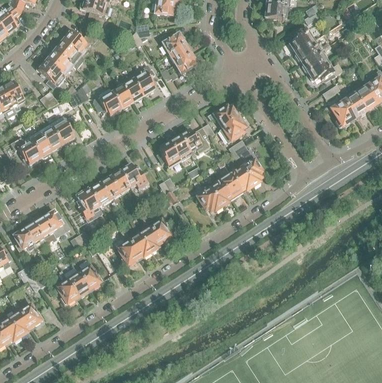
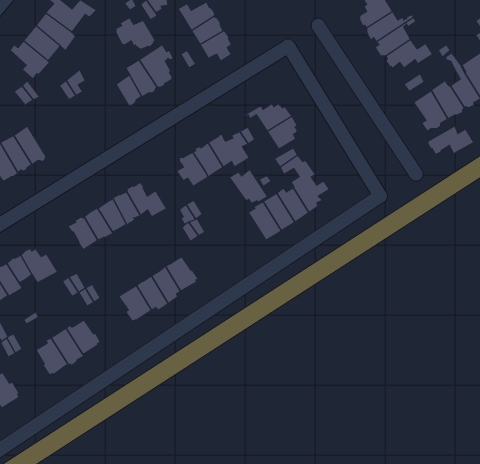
building: [93,91,122,114] -> [116,18,156,49]
building: [49,115,74,146] -> none
building: none -> [427,126,474,155]
building: [194,186,222,211] -> [229,169,268,204]

